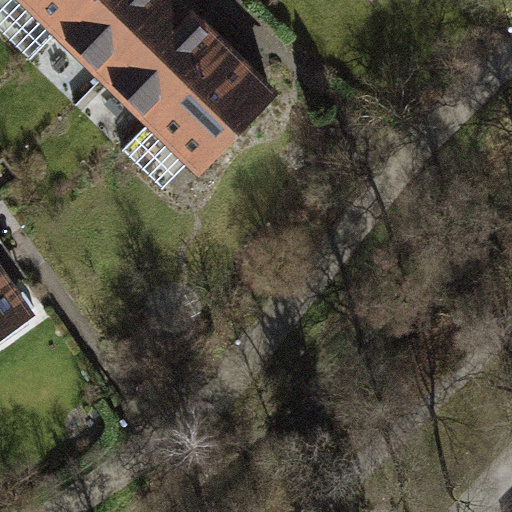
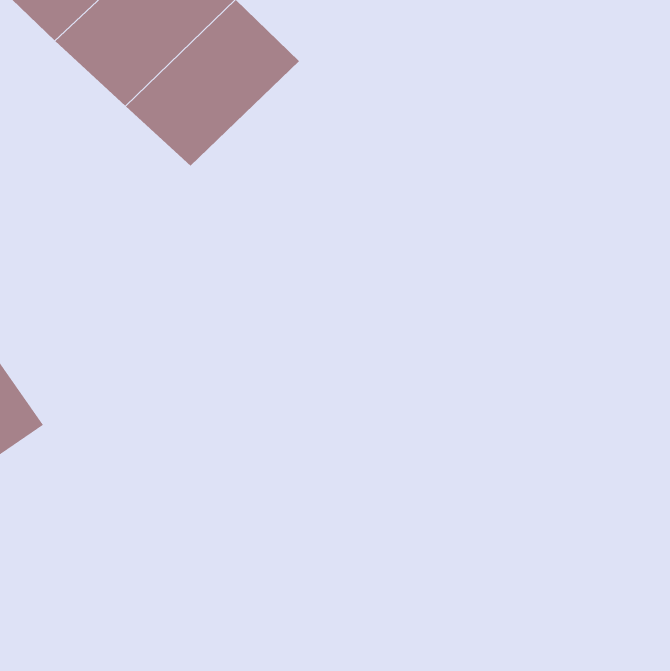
building: [143,46,273,175] -> none

